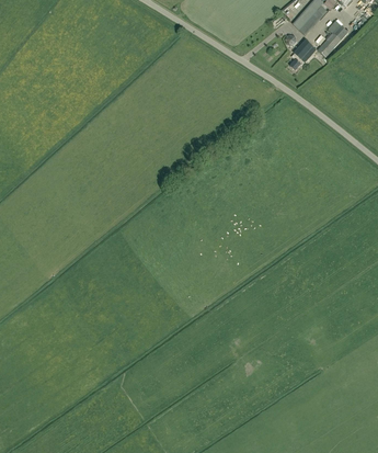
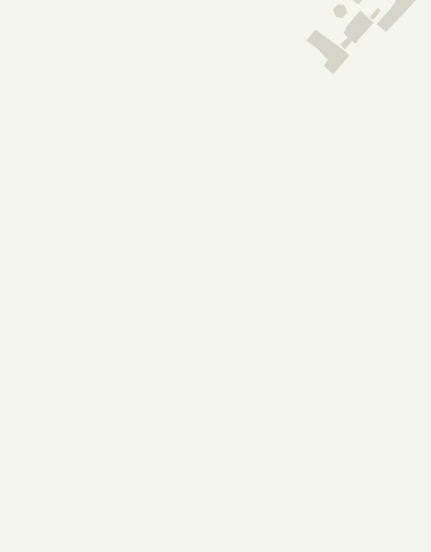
building: none -> [305,28,351,75]

